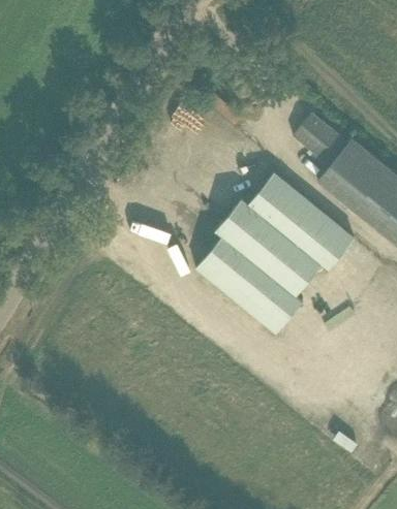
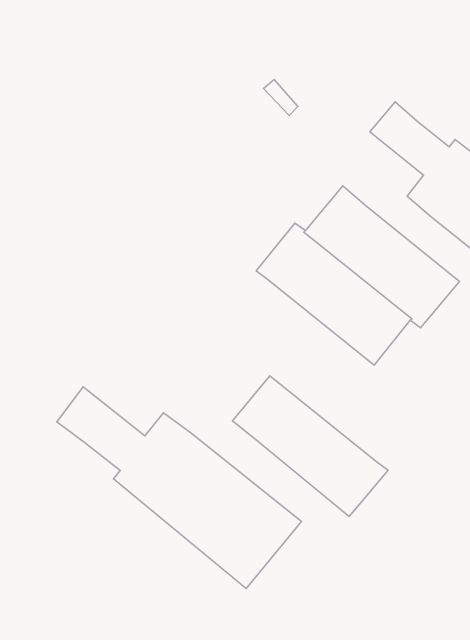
building: [195,236,303,333] -> [233,376,388,516]
building: none -> [57,387,301,589]

